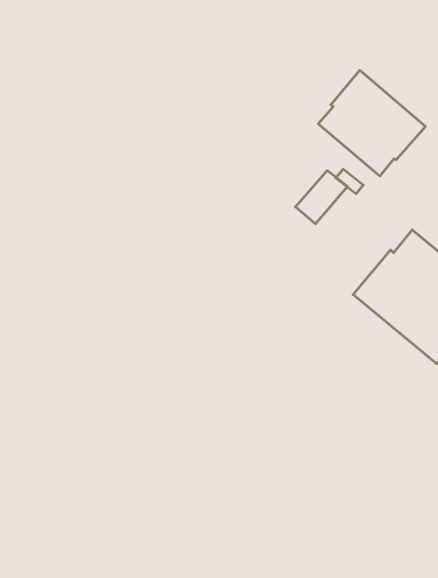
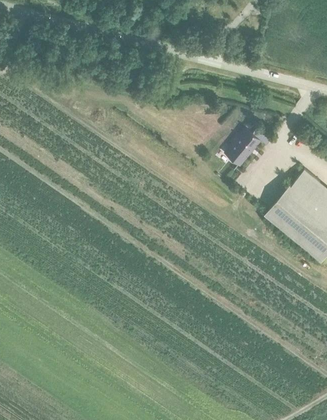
building: [318,70,425,176] -> none

